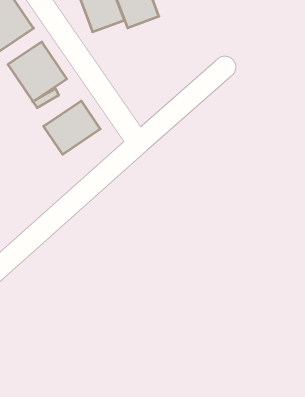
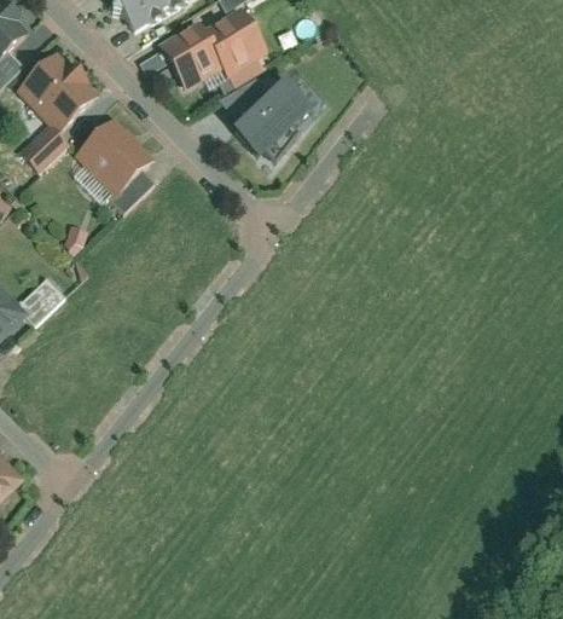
building: none -> [231,71,308,146]
building: [44,101,100,154] -> none

